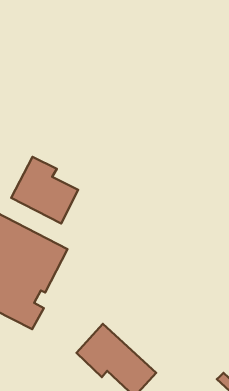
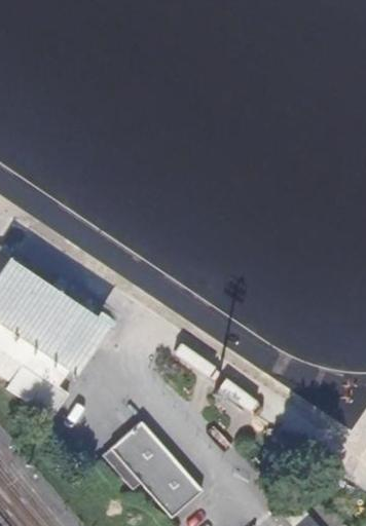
building: [11,157,78,223] -> none

